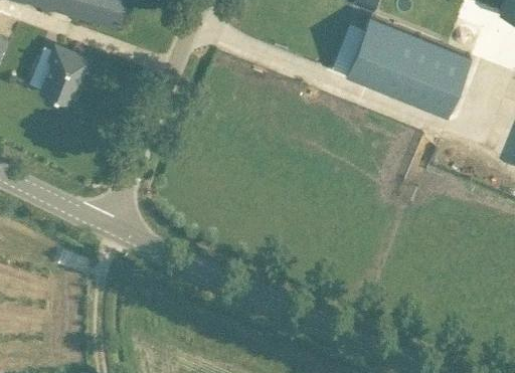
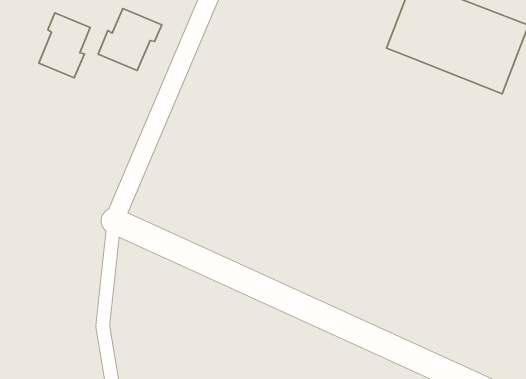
building: none -> [98,9,162,71]

